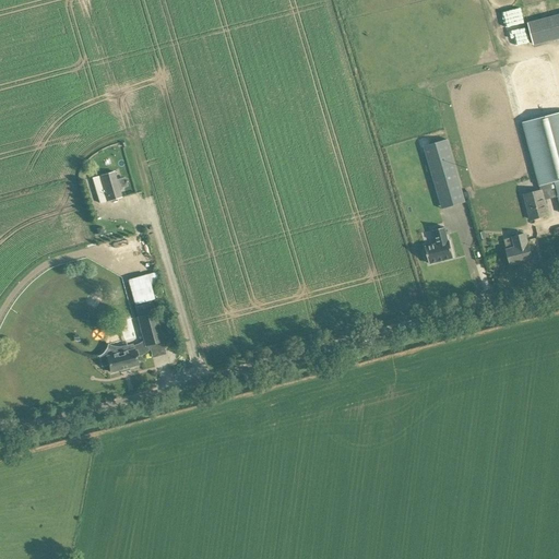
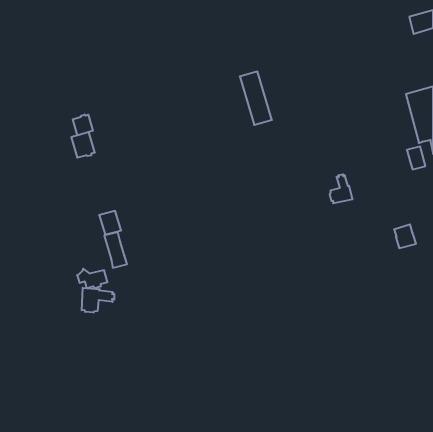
building: [424,139,465,207] -> [240,72,272,125]
building: none -> [73,114,93,135]
building: [504,233,533,263] -> [394,224,416,248]
building: none -> [82,288,114,313]

